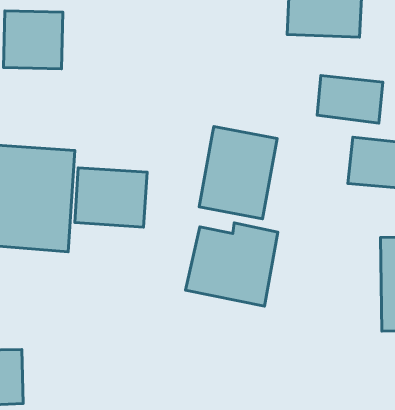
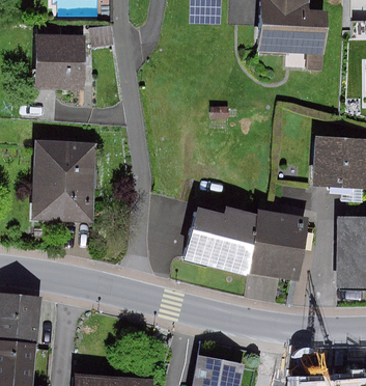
building: [317,76,383,123] -> none
building: [199,127,277,219] -> [245,205,306,278]
building: [75,168,147,227] -> none

